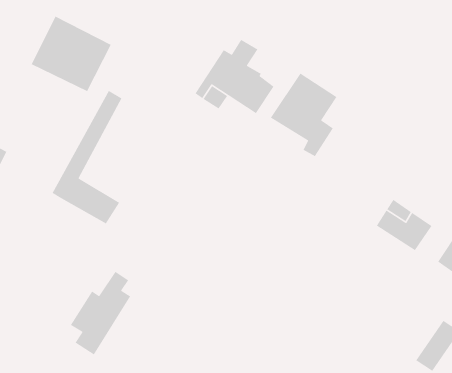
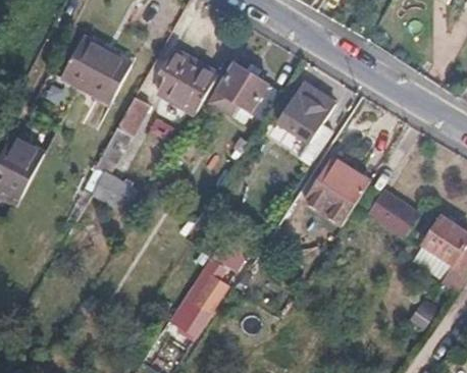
building: none -> [154,48,216,115]
building: none -> [305,160,368,225]
building: [70,271,131,355] -> [176,258,230,332]

